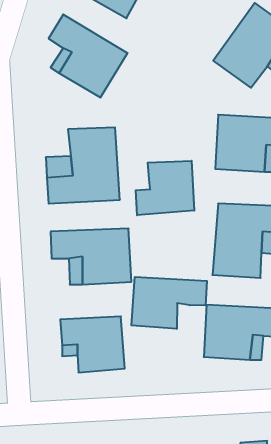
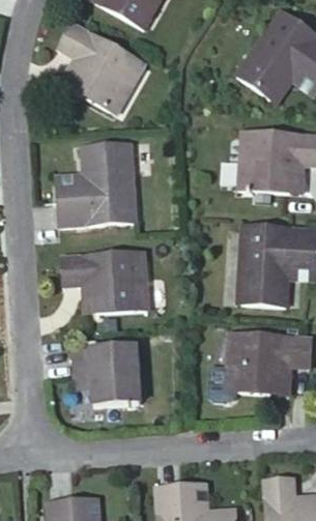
building: [136,161,194,215] -> none
building: [131,277,207,329] -> none

